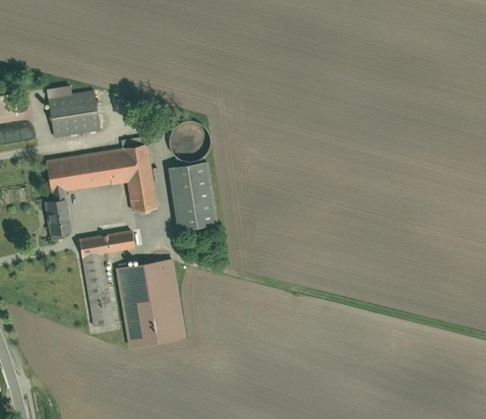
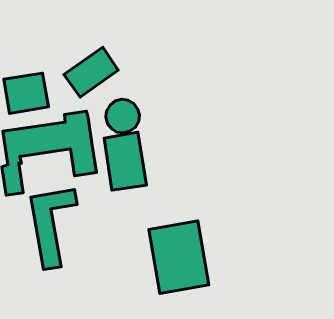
building: none -> [64,47,118,97]
building: [114,259,186,347] -> [149,221,209,293]

